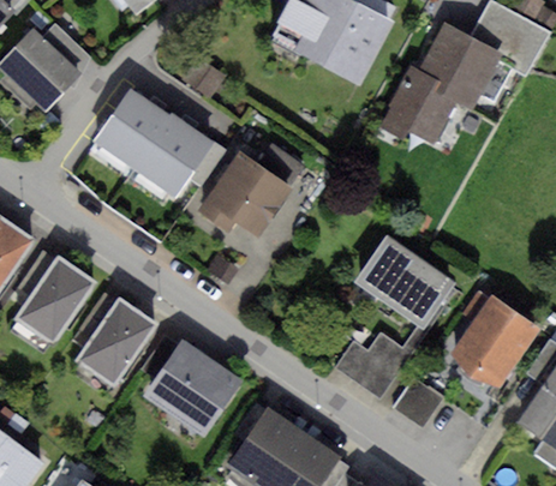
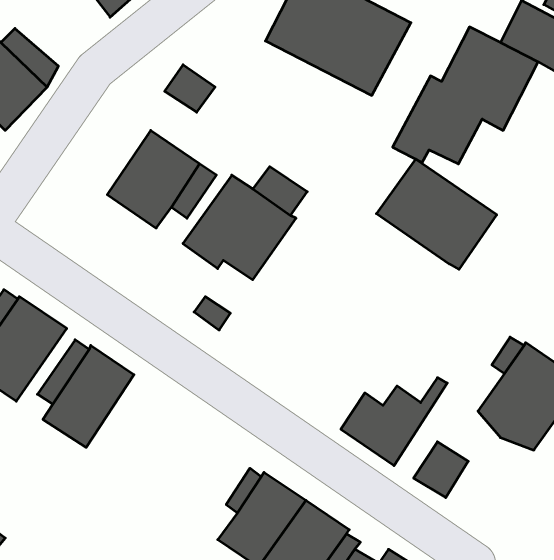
building: [96,91,167,168] -> none
building: [353,235,456,330] -> [376,159,497,269]
building: [143,343,241,439] -> none

